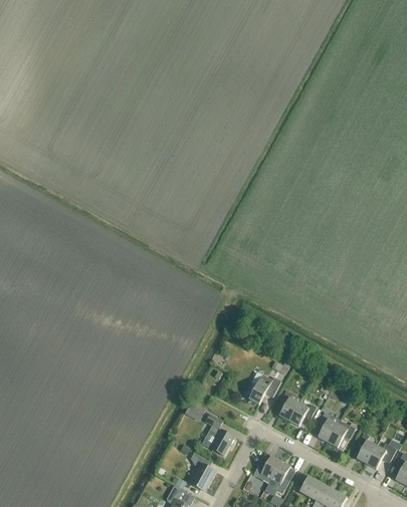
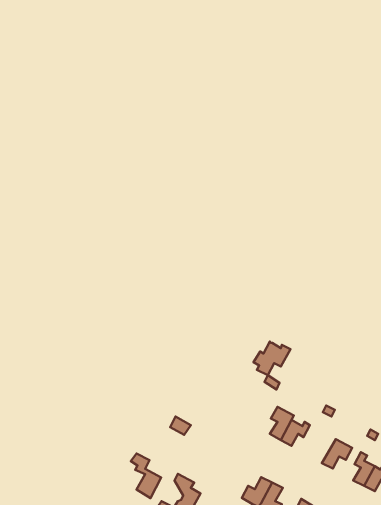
building: [246,373,280,405] -> [254,342,290,375]
building: [319,412,341,443] -> none
building: [206,415,234,456] -> [131,454,161,498]

